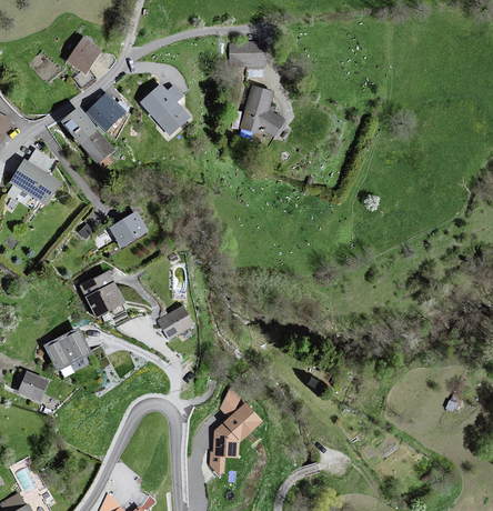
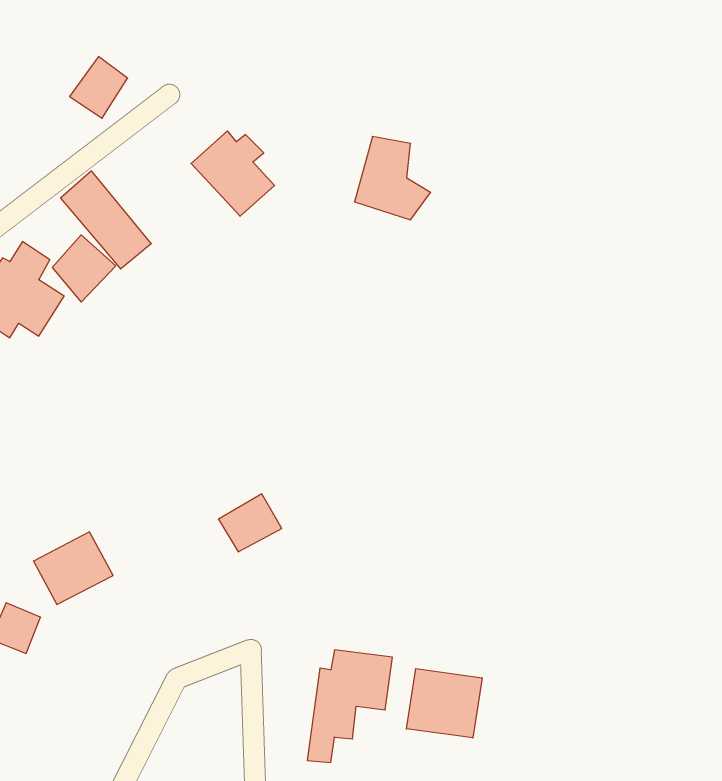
building: [229,42,265,66] -> none
building: [88,92,127,133] -> [52,235,116,302]
building: [109,212,149,249] -> none
building: [79,270,127,319] -> none
building: none -> [406,669,482,738]

